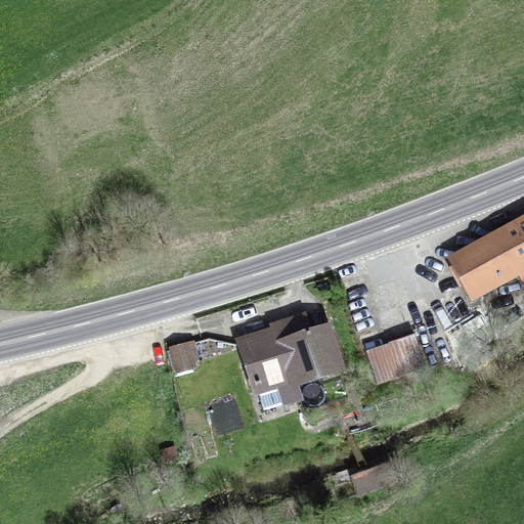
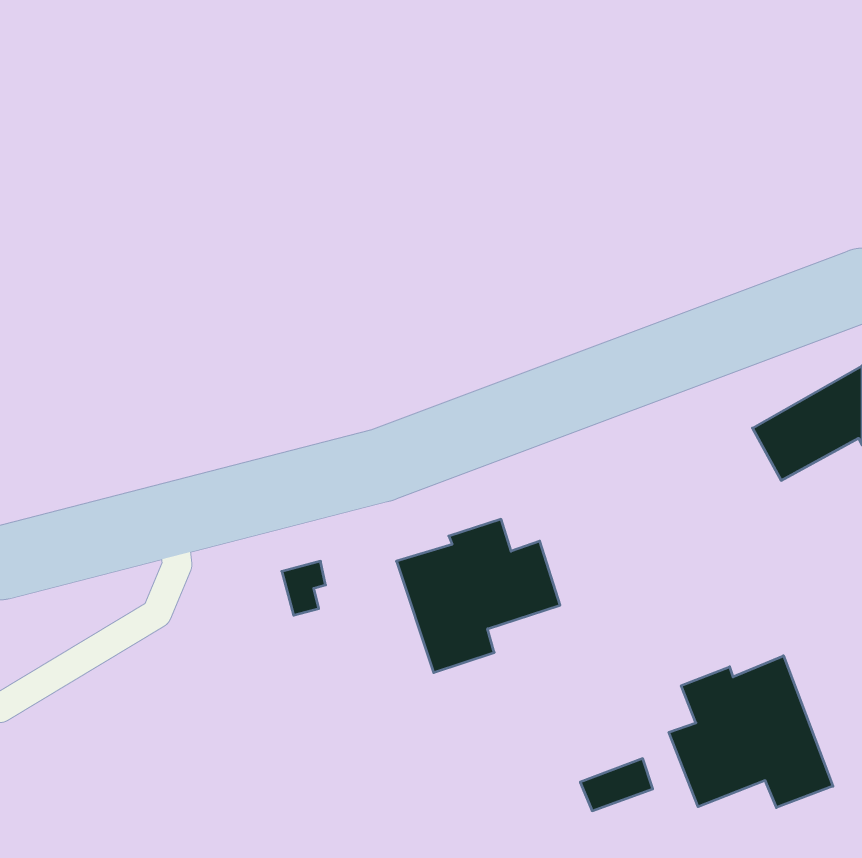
building: [365,334,425,383] -> none
building: none -> [669,656,833,808]

